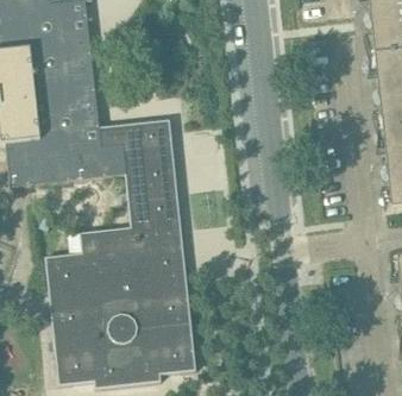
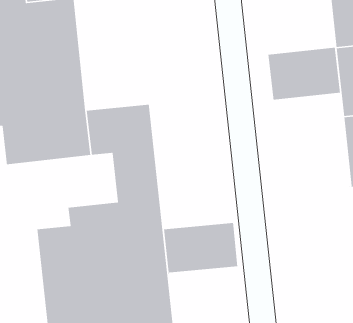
building: none -> [268,47,341,101]
building: none -> [163,222,238,278]

